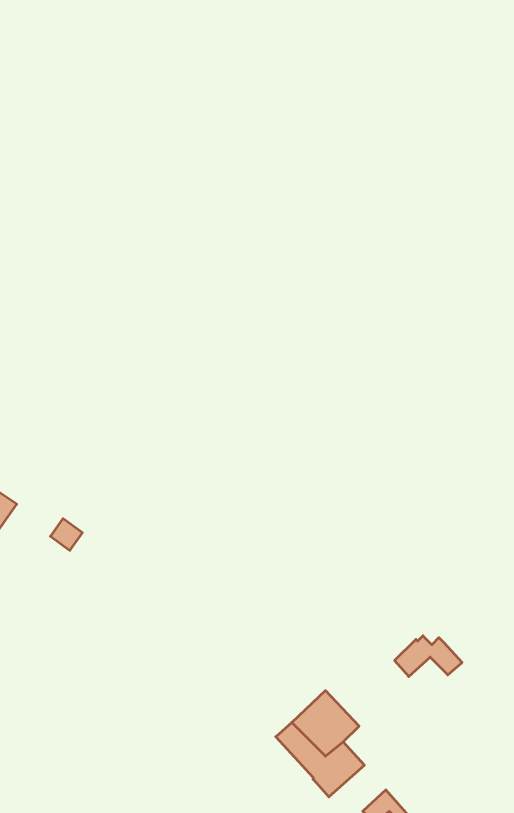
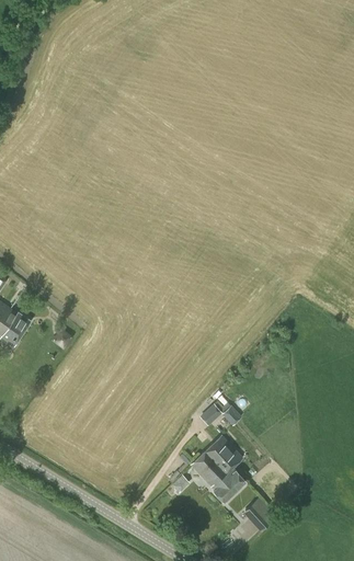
building: [395,636,462,677] -> [198,401,240,426]

